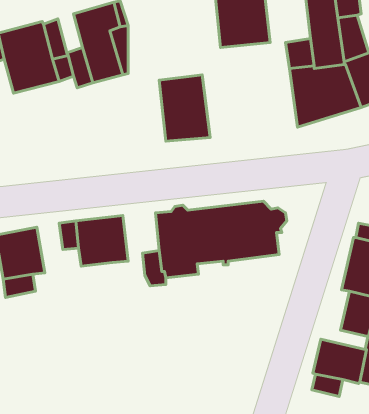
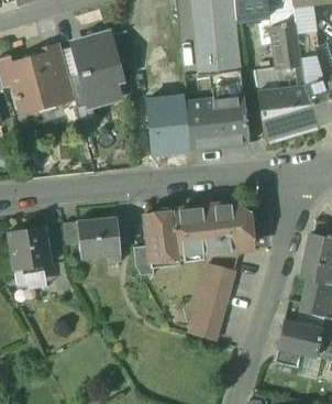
building: none -> [184,69,247,150]
building: none -> [188,263,234,341]

